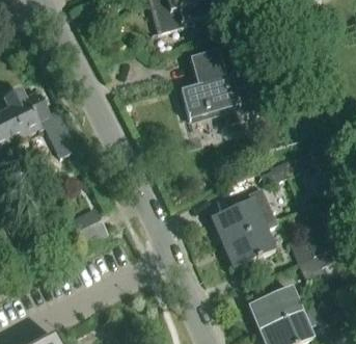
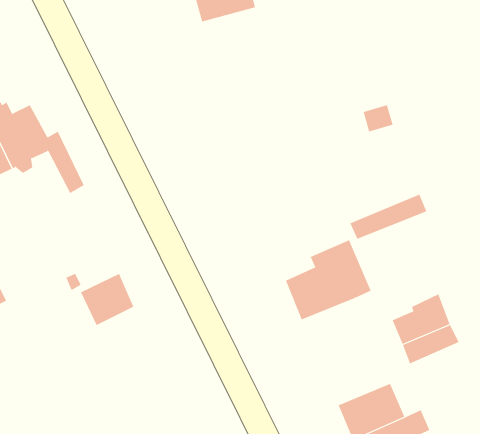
building: [182,51,241,125] -> none
building: [227,228,275,265] -> none

